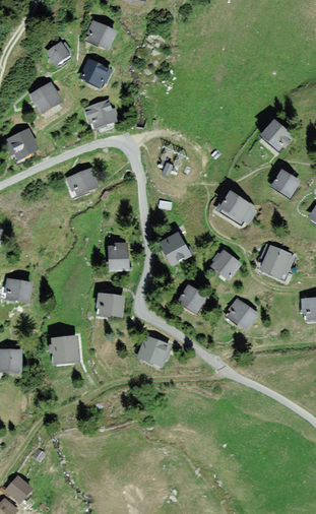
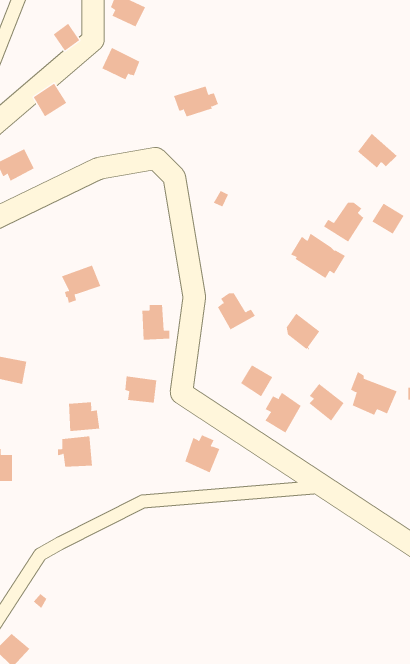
building: [85,104,118,126] -> [173,86,219,117]
building: [67,171,96,198] -> [61,265,101,303]
building: none -> [323,202,364,243]
building: [262,244,296,275] -> [350,371,397,416]
building: none -> [264,392,302,433]
building: none -> [68,402,100,432]

